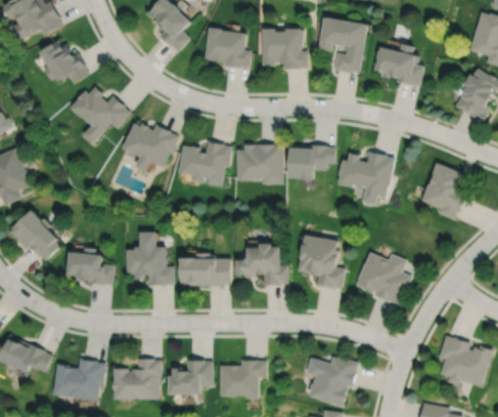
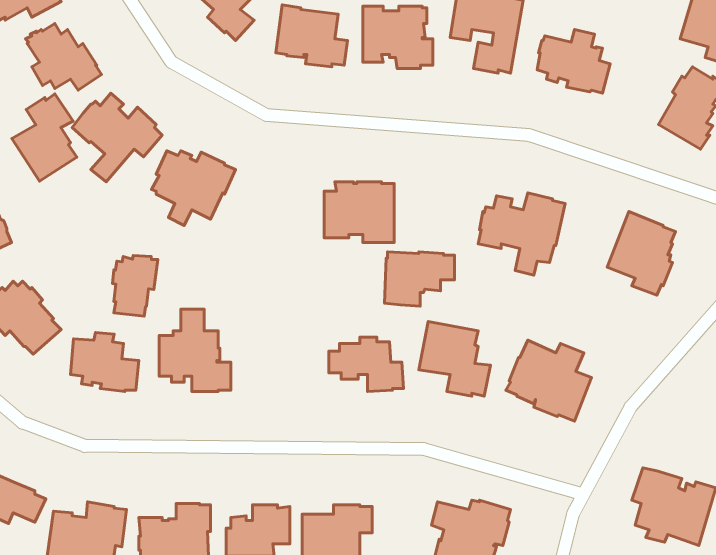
building: none -> [12,94,77,181]
building: [176,142,230,187] -> none
building: [287,147,333,182] -> [385,252,455,306]
building: none -> [112,255,158,316]
building: [182,251,231,284] -> none

